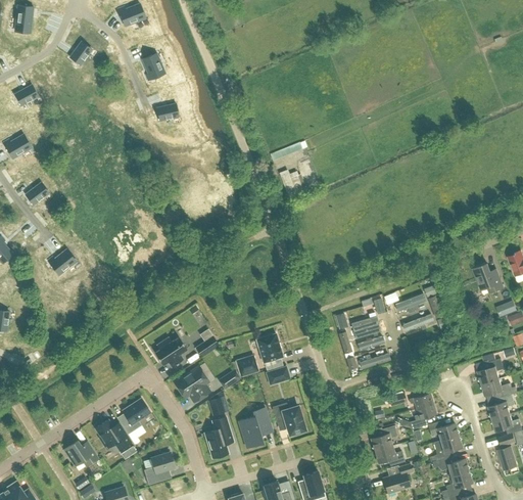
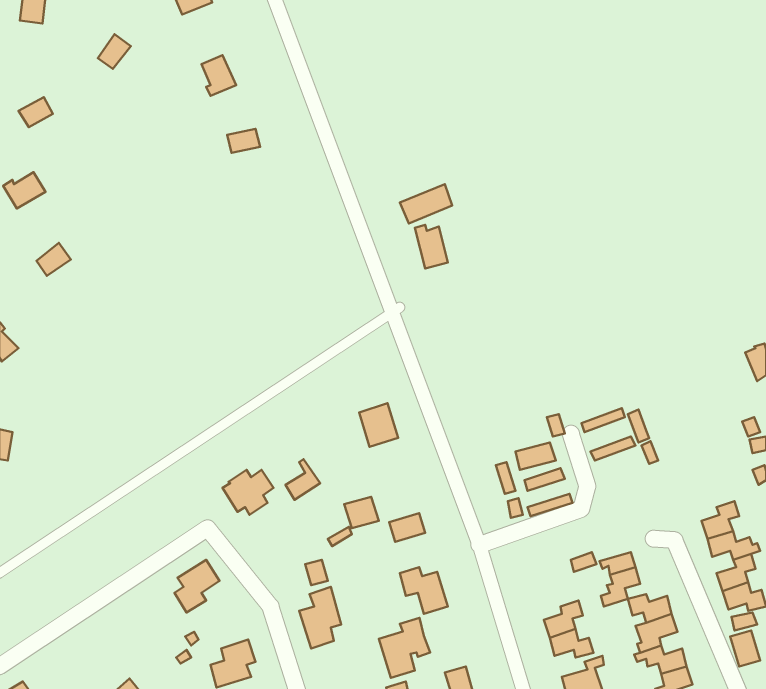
building: [47,248,77,275] -> none
building: [473,264,504,292] -> none
building: [256,333,283,363] -> [359,403,398,447]
building: [175,366,210,402] -> none
building: [238,407,273,448] -> [379,618,430,678]
building: [95,419,131,450] -> none
building: [64,440,98,465] -> none

